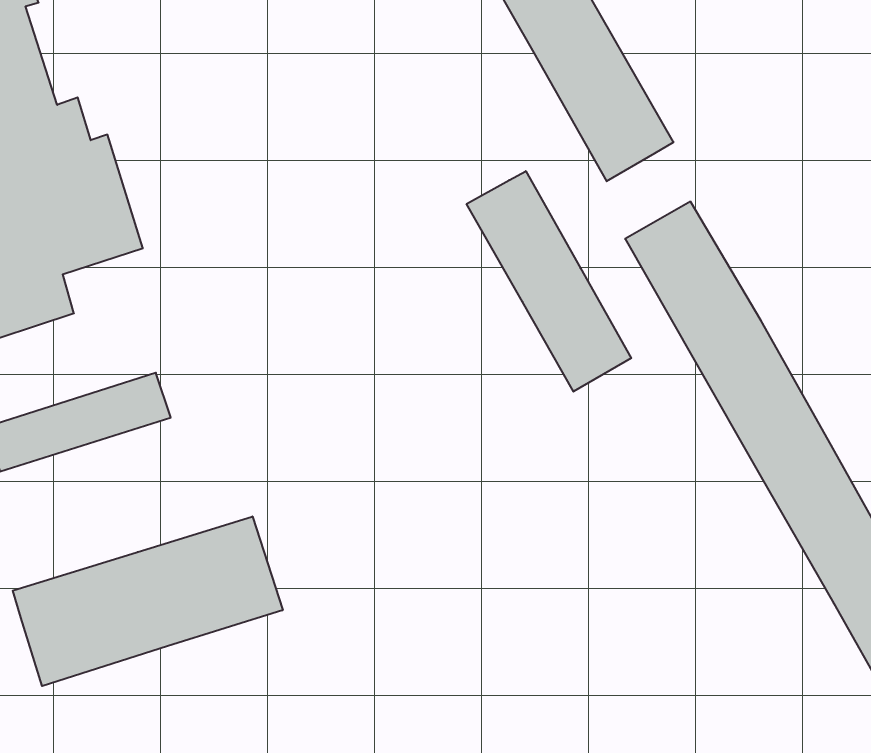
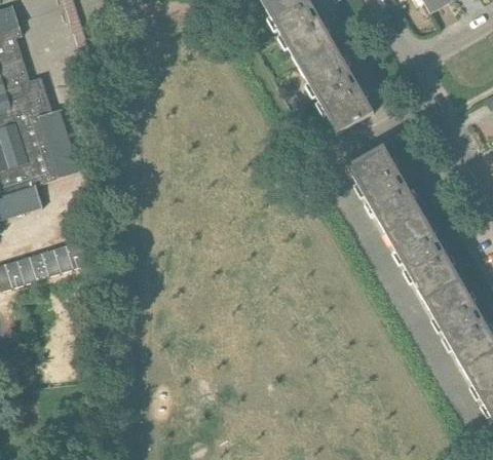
building: [467,171,631,392] -> none
building: [13,516,283,686] -> none

